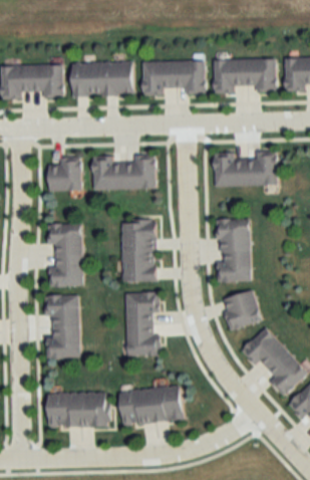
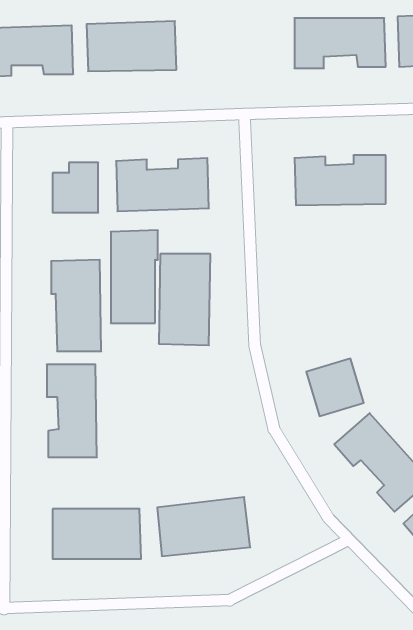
building: [142,60,205,94] -> none
building: [217,219,250,281] -> none
building: [126,291,159,354] -> [111,230,158,323]

